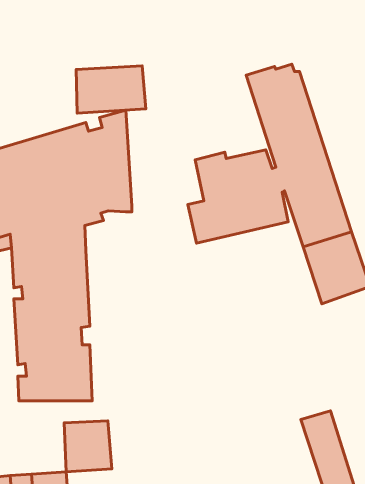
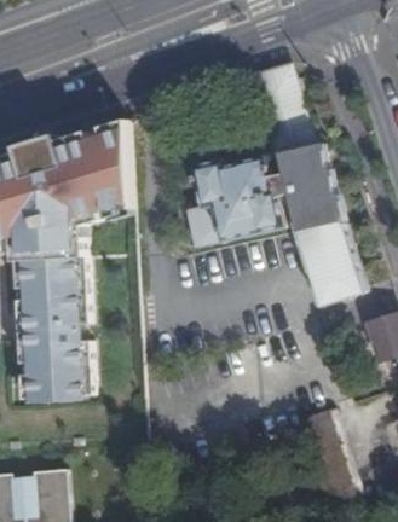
building: [76,66,146,113] -> none
building: [64,421,112,472] -> none

